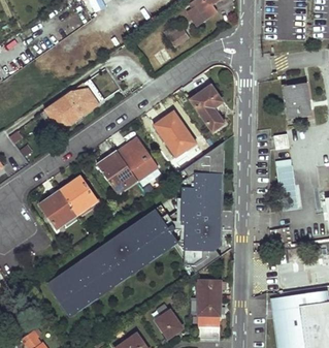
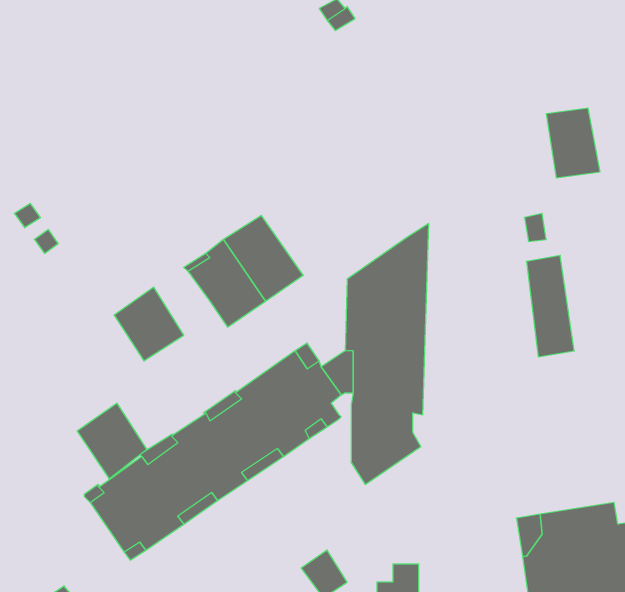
building: [40,80,102,135] -> none
building: [191,86,228,134] -> none
building: [154,112,194,156] -> none
building: [40,190,76,229] -> [77,403,147,479]
building: [198,282,219,316] -> none

